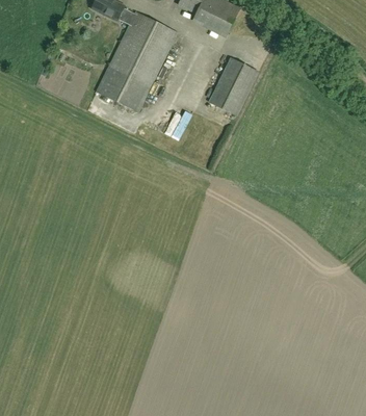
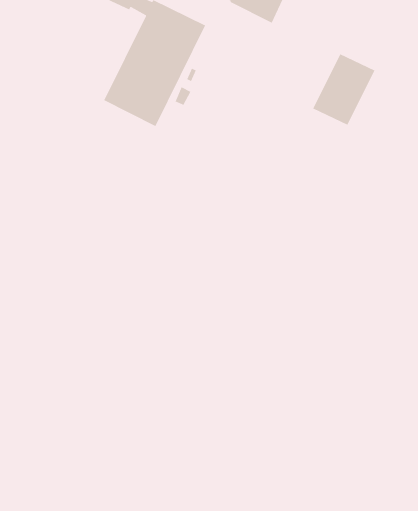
building: [208,57,258,114] -> [312,53,376,126]

